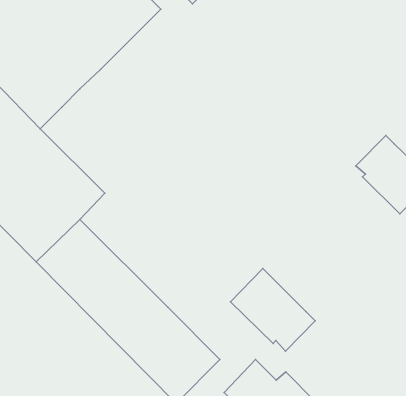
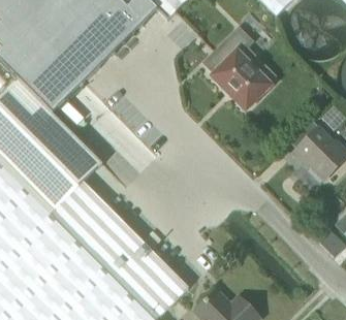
building: none -> [205,29,276,108]
building: [230,268,315,351] -> none

